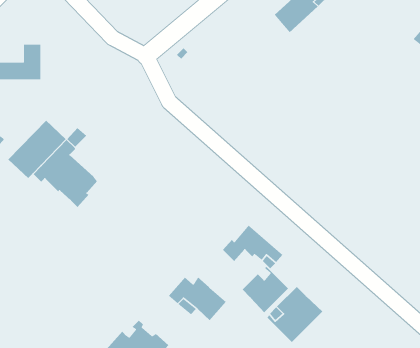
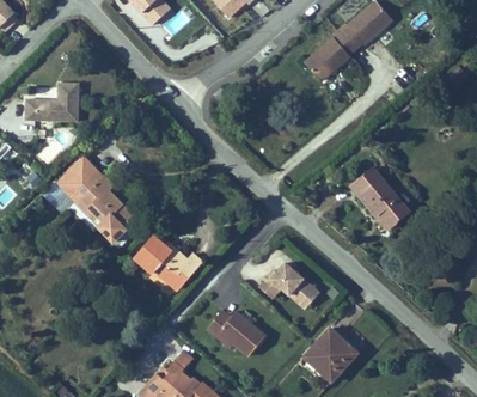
building: none -> [350,175,405,232]
building: none -> [132,239,197,285]
building: [242,266,289,313] -> none

